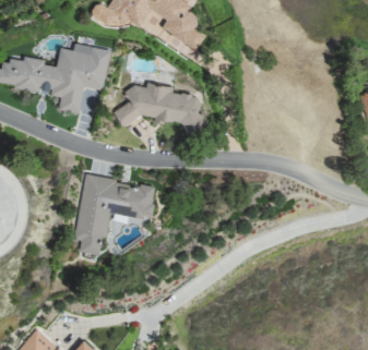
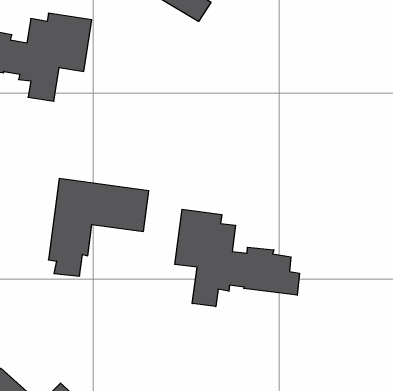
building: [120,83,206,129] -> none
building: none -> [175,209,299,307]

